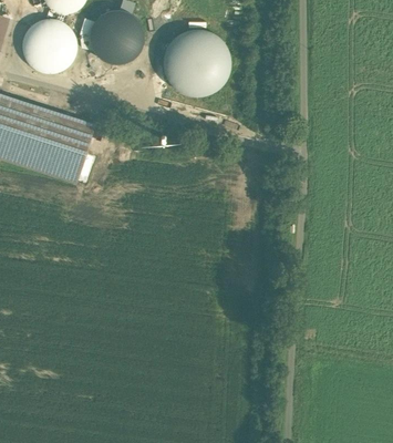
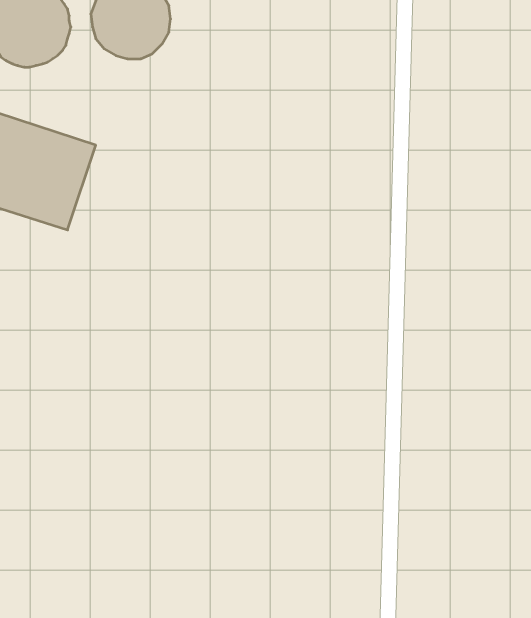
building: [164,33,228,99] -> none

